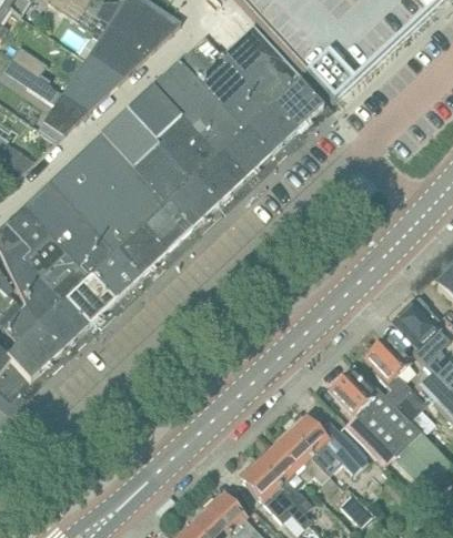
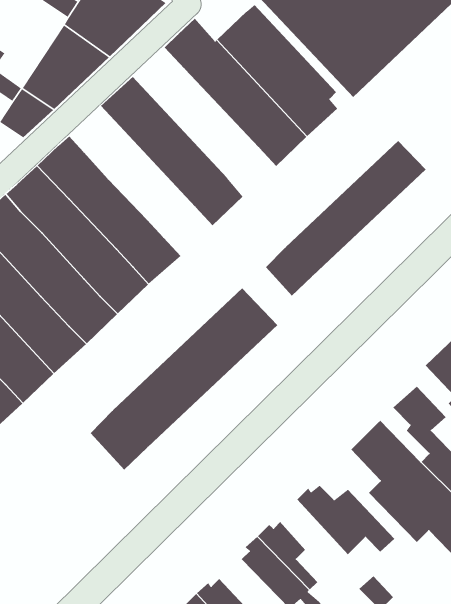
building: [153,59,271,181] -> none
building: [101,106,219,230] -> none
building: none -> [265,140,426,296]
building: none -> [90,288,278,470]
building: [274,429,330,481] -> none

